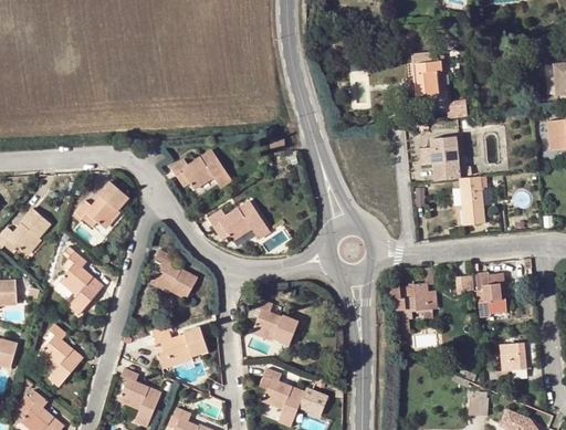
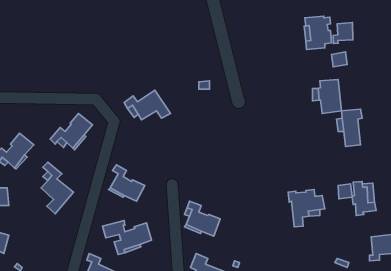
building: none -> [333,23,353,44]
building: [208,200,270,241] -> none
building: [40,323,82,386] -> none

